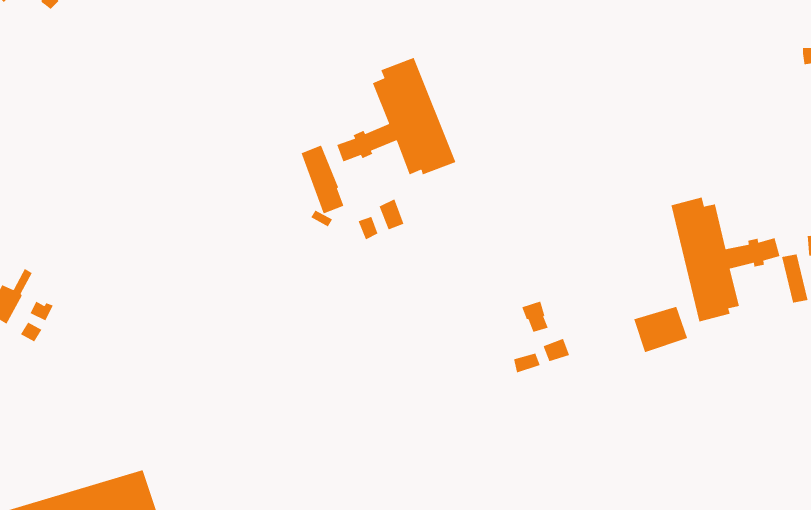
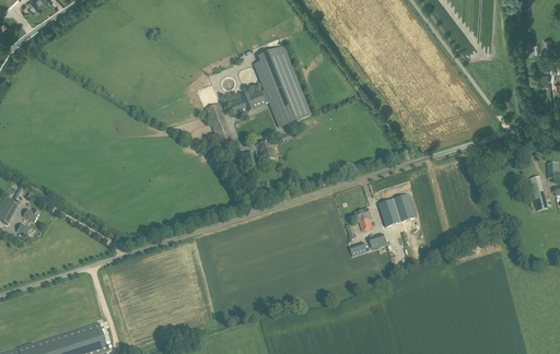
building: [671,197,781,323] -> none
building: [633,306,688,353] -> [376,197,413,228]

